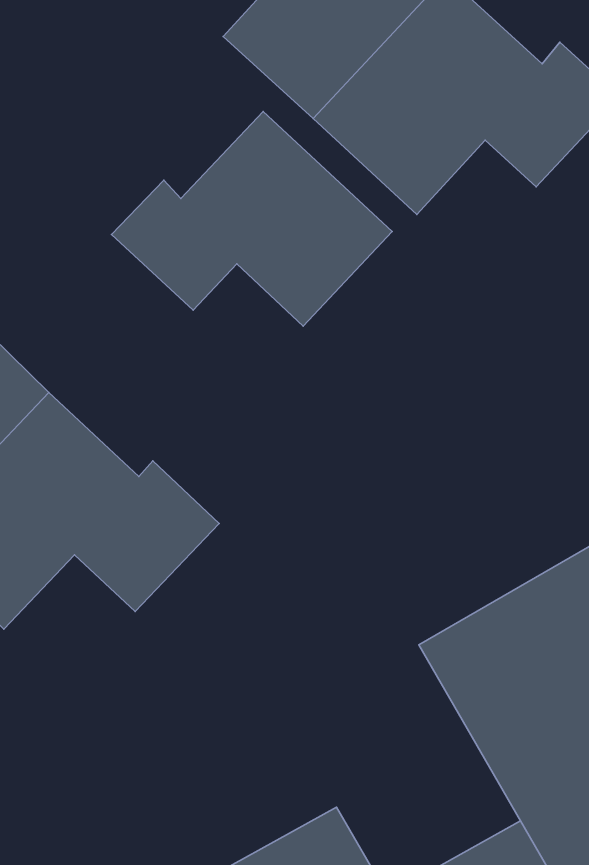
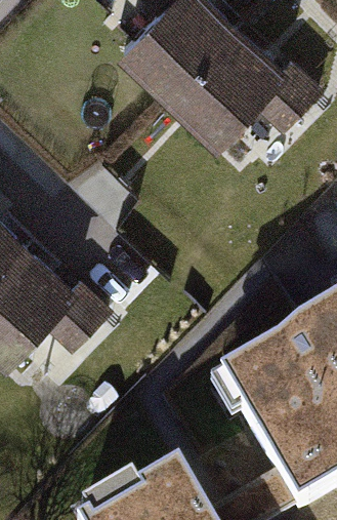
building: [112,112,392,326] -> none

